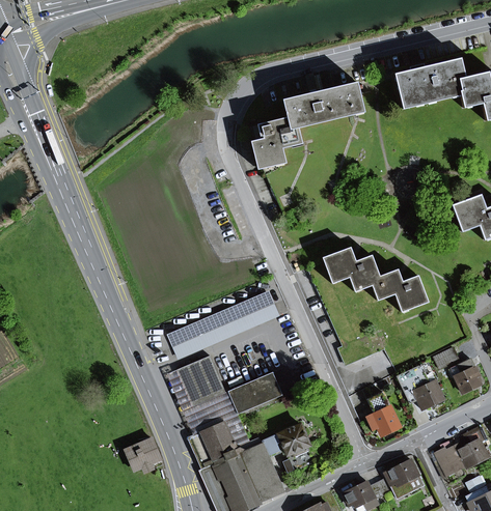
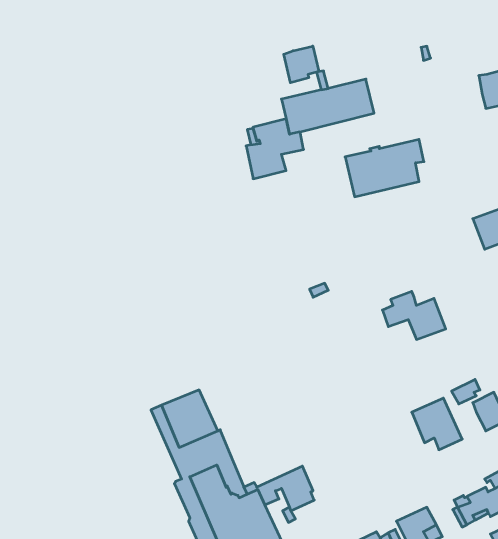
building: none -> [284,46,319,83]
building: [394,57,464,108] -> [345,139,424,197]
building: [323,247,381,291] -> none
building: [166,290,279,359] -> none
building: [227,371,282,414] -> none
building: [366,391,399,433] -> none
building: [126,438,161,472] -> none

